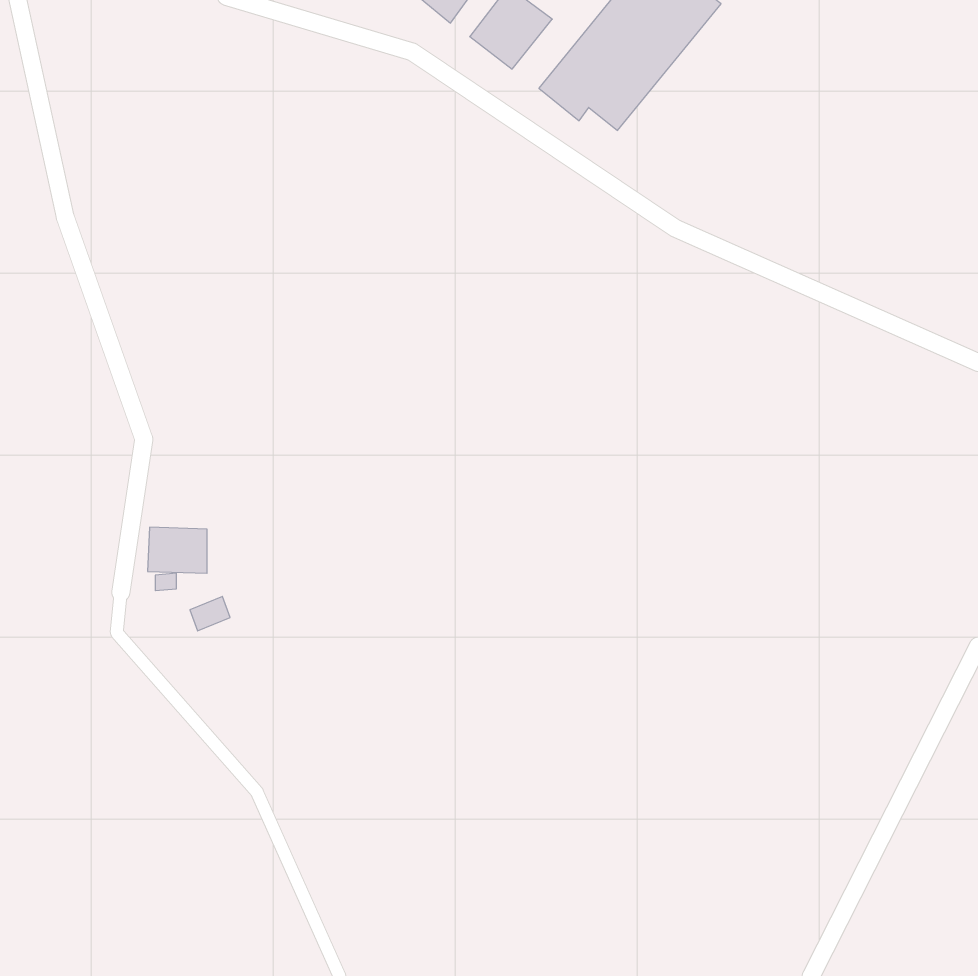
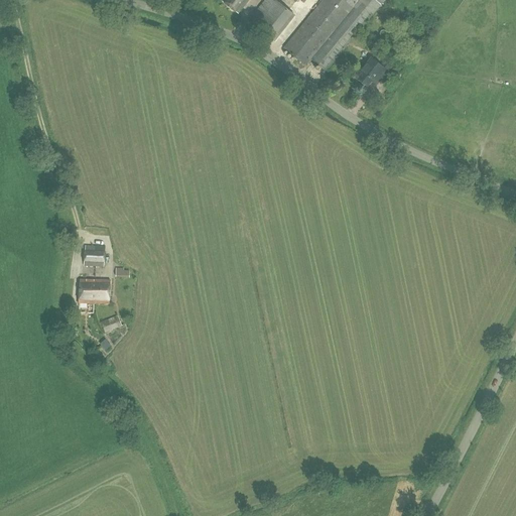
building: none -> [350,56,389,84]
building: none -> [83,244,105,264]

